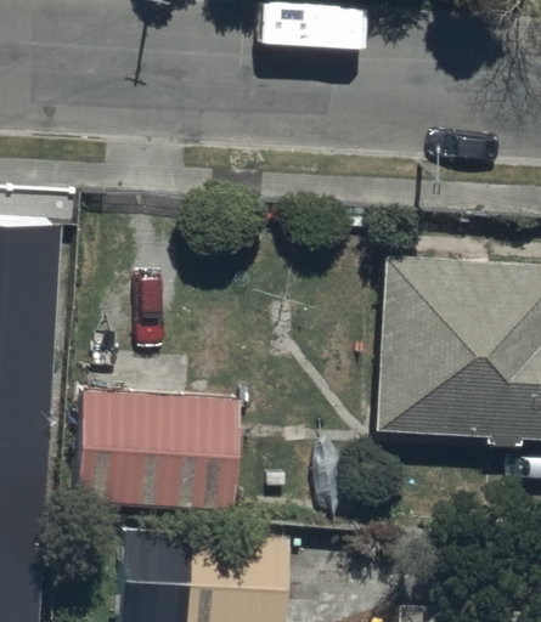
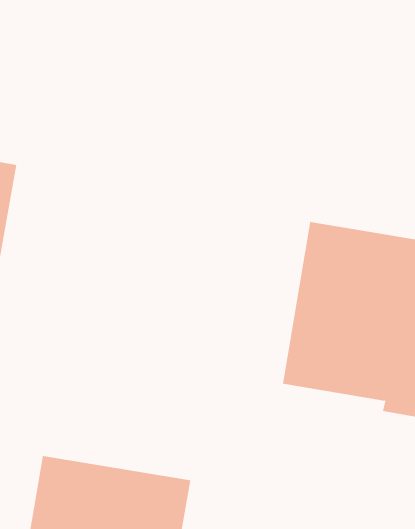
building: [83,397,243,511] -> none

